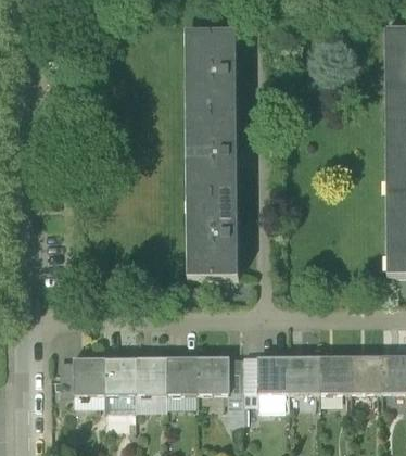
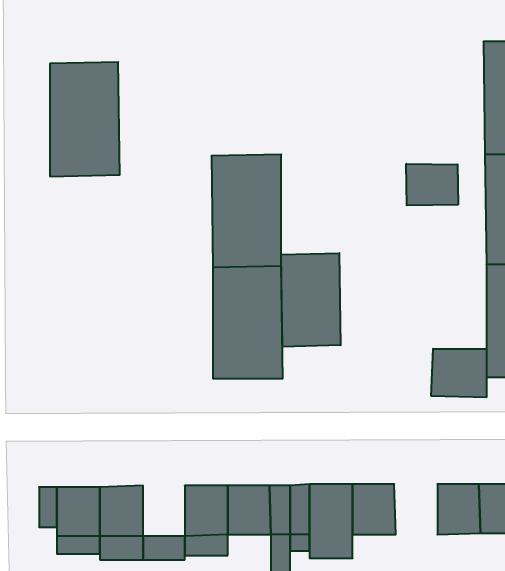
building: [186,33,237,116] -> [50,62,120,176]
building: none -> [406,164,458,205]
building: none -> [281,253,341,347]
building: none -> [431,349,486,397]
building: [319,356,351,393] -> none
building: [136,357,166,394] -> none

